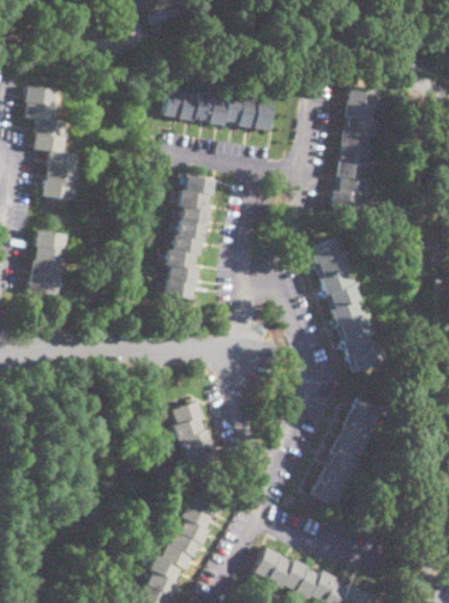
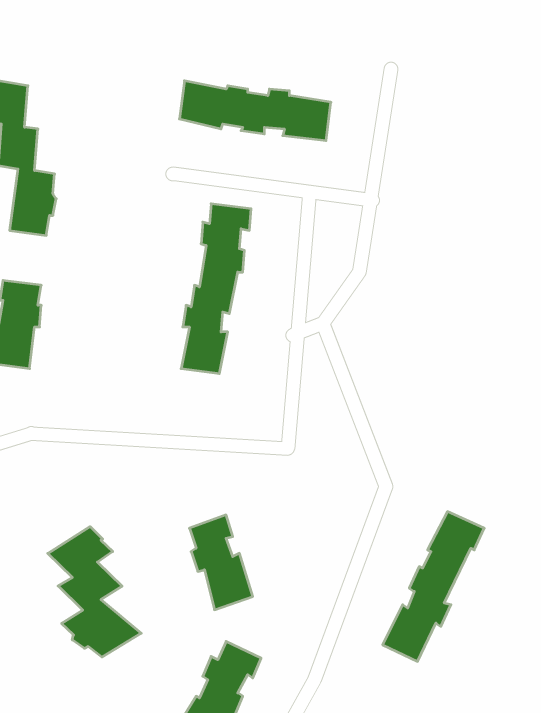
building: [331,86,378,210] -> none
building: [310,239,384,372] -> none
building: none -> [48,527,141,657]

